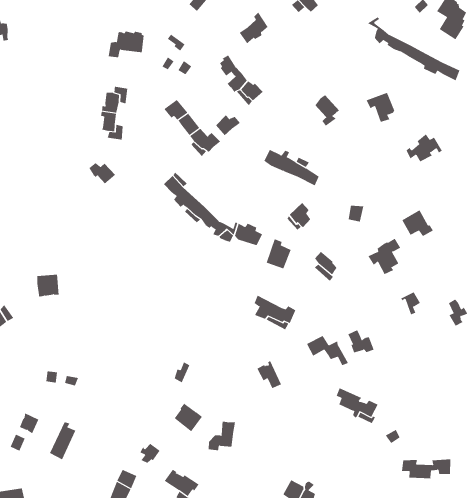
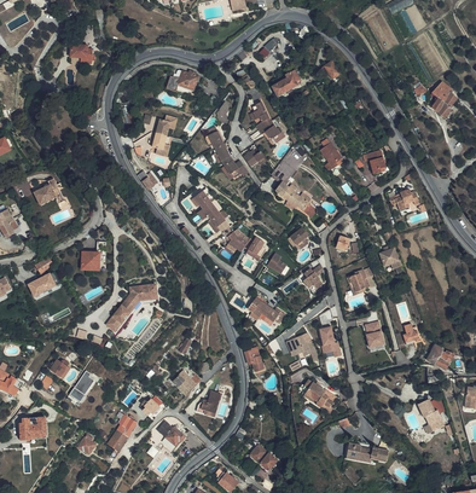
building: [367,16,460,81] -> none
building: none -> [105,285,157,332]

